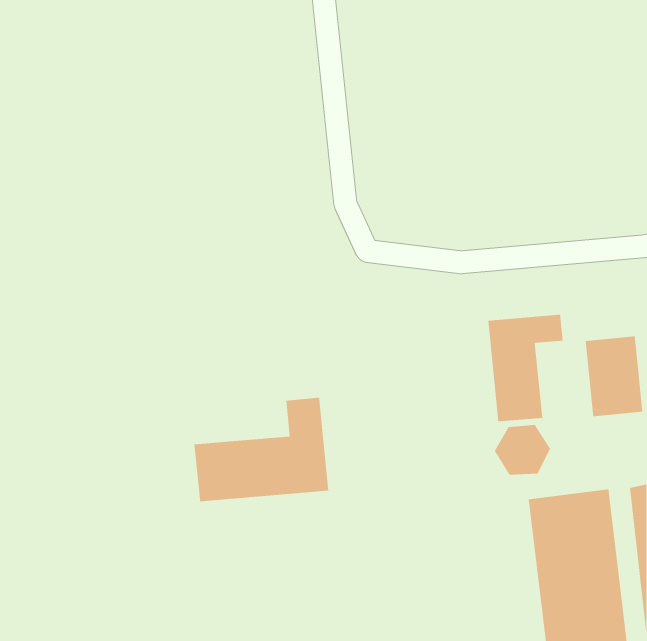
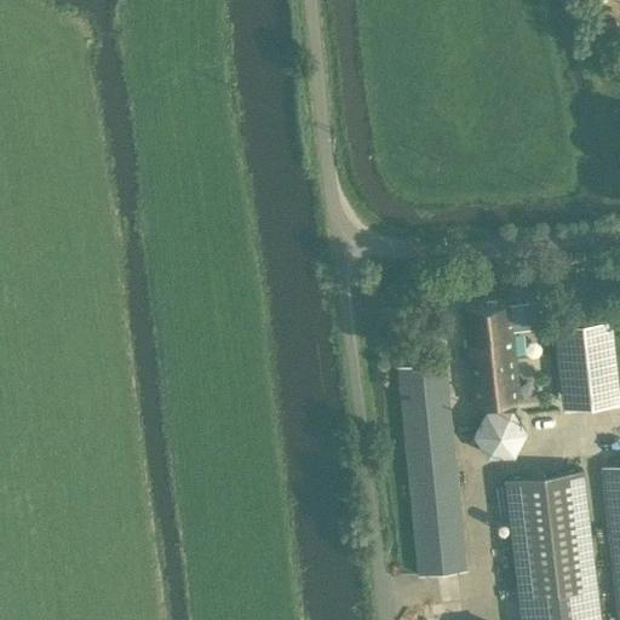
building: none -> [401,368,470,581]
building: [194,397,329,502] -> none

